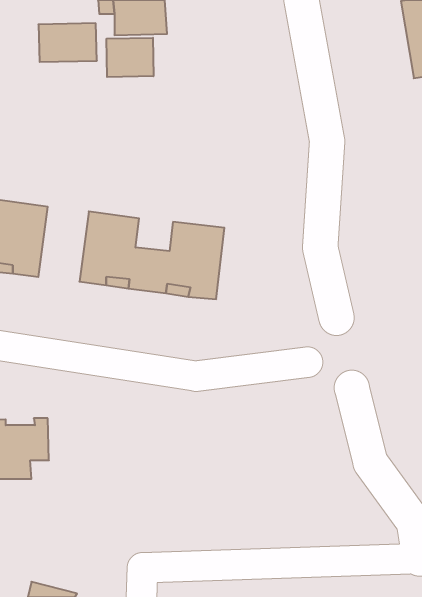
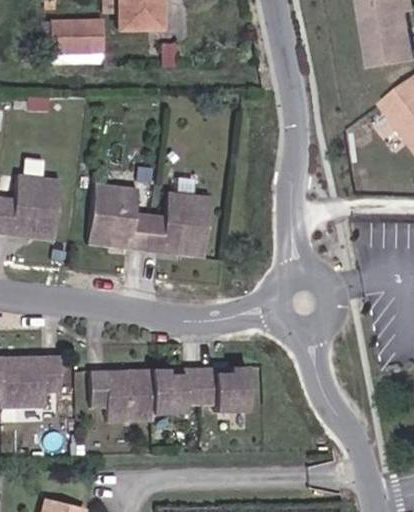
building: [107,38,153,77] -> none
building: none -> [88,368,247,423]

